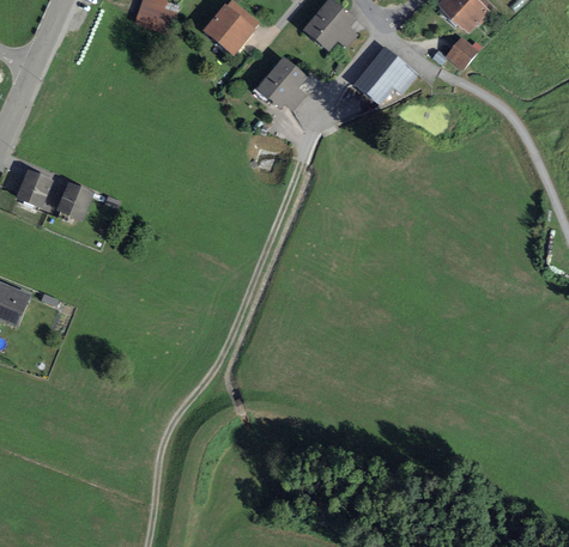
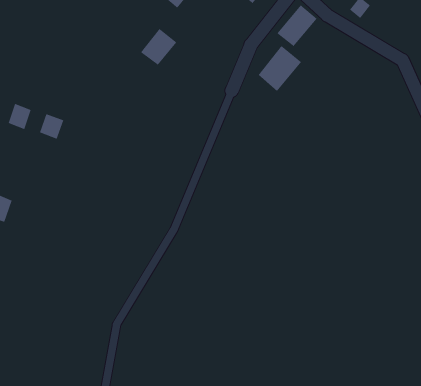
building: [259,59,305,105] -> [140,28,177,66]
building: none -> [258,45,302,92]

